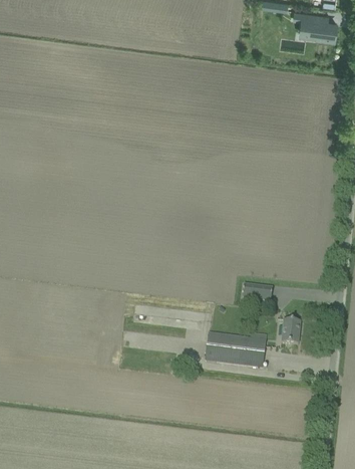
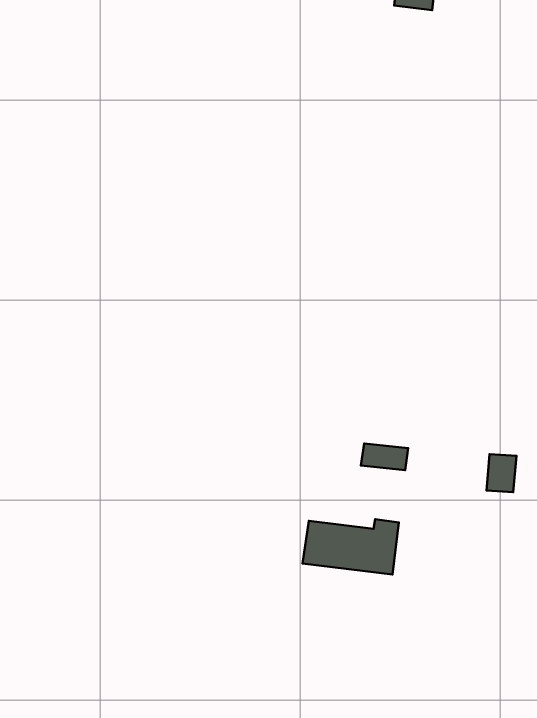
building: [301,12,337,40] -> none
building: [281,321,300,345] -> [486,454,516,492]

